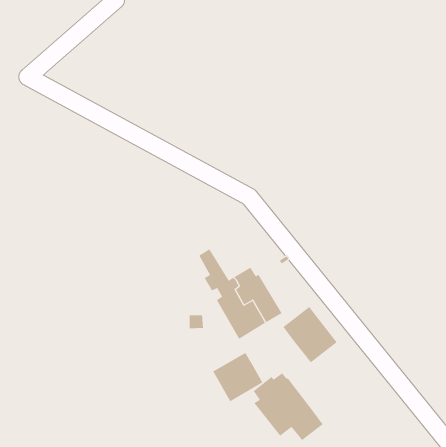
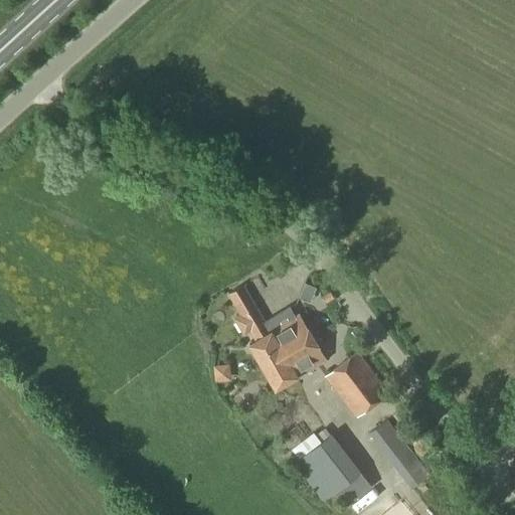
building: [212,352,263,402] -> none
building: none -> [368,419,430,490]

